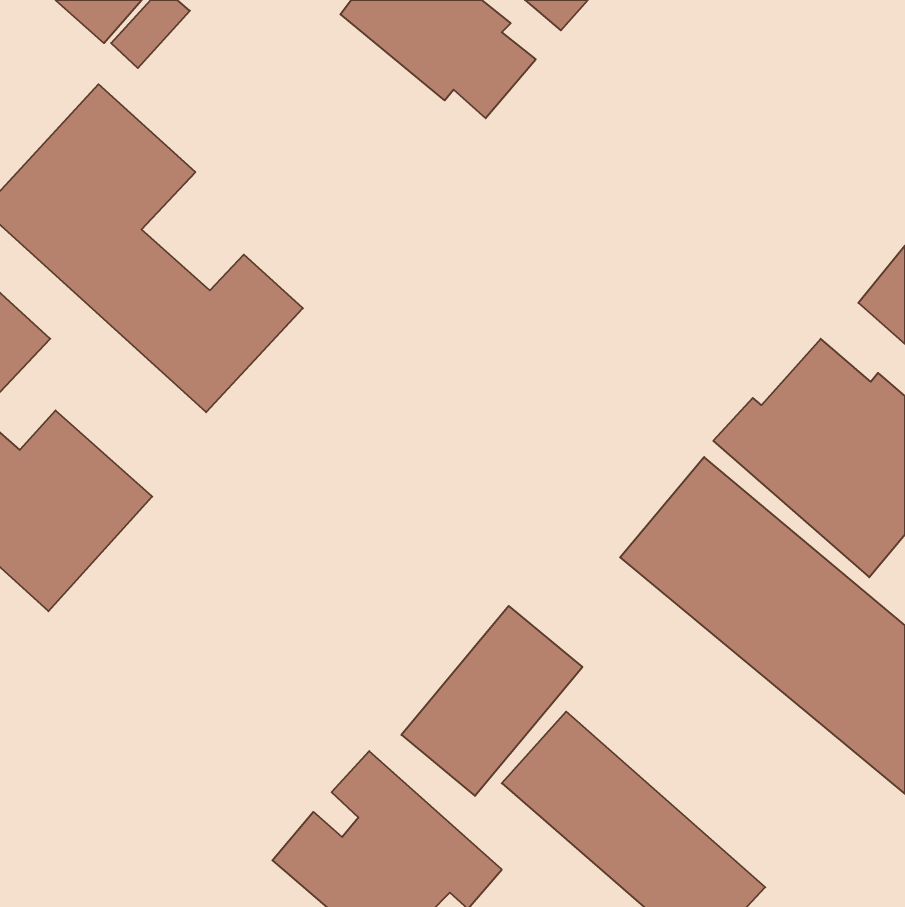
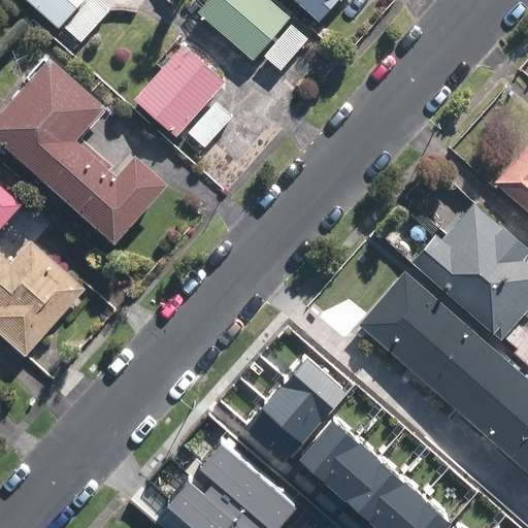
building: none -> [135,44,233,151]

